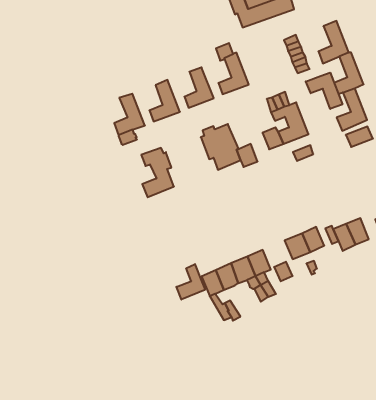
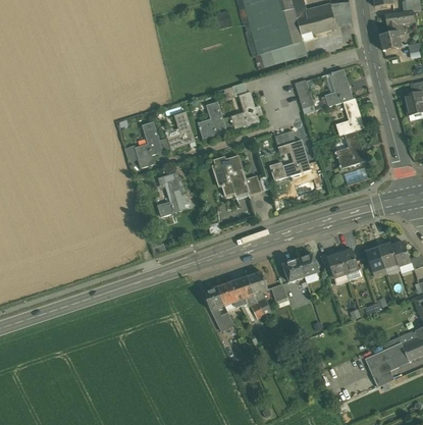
building: [306,73,342,109] -> none
building: [176,264,205,300] -> none

